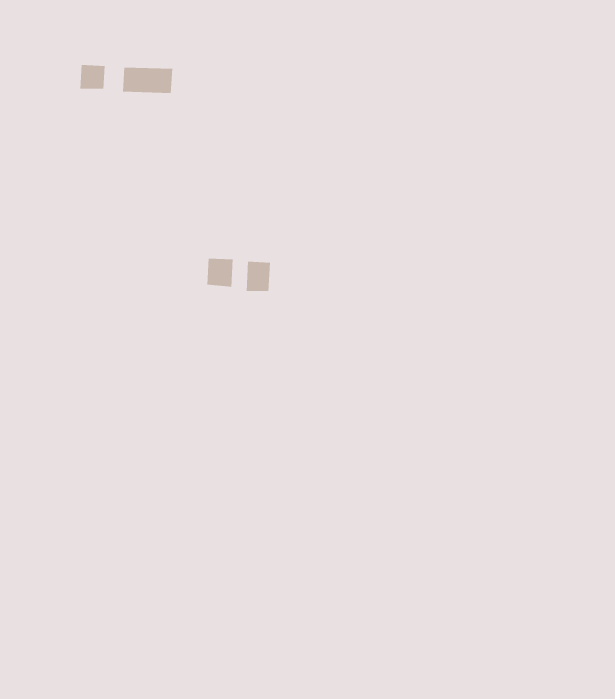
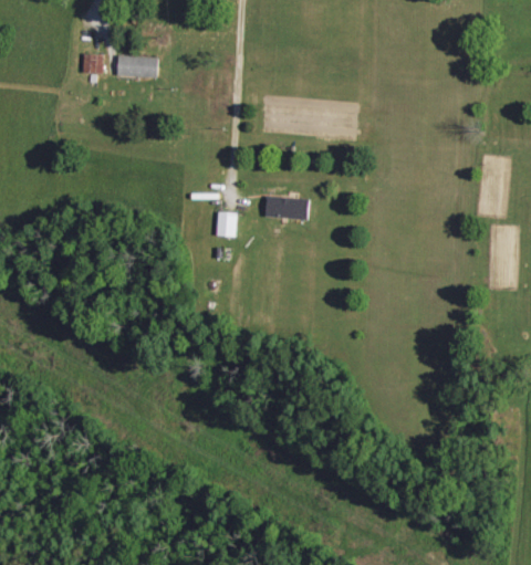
building: none -> [266,196,309,218]
building: [207,258,233,287] -> none

